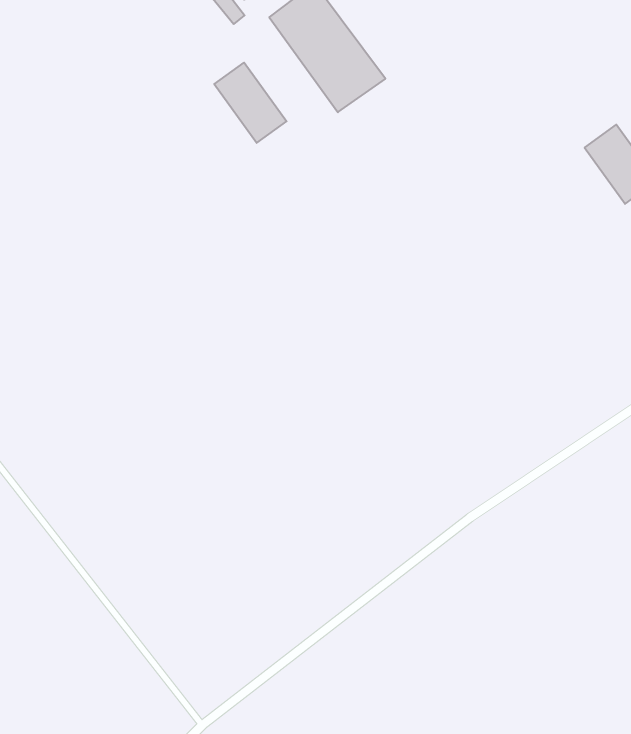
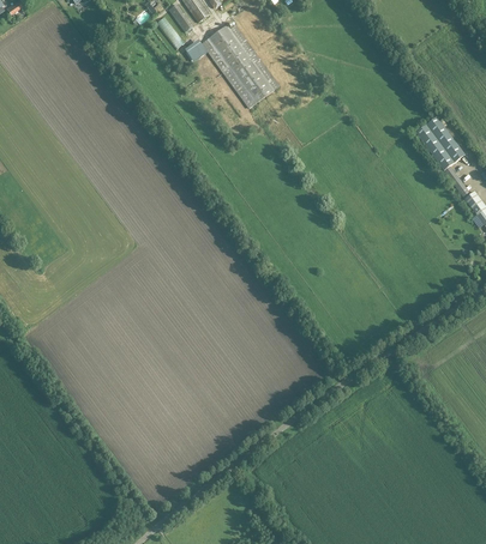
building: [214,63,287,143] -> none

